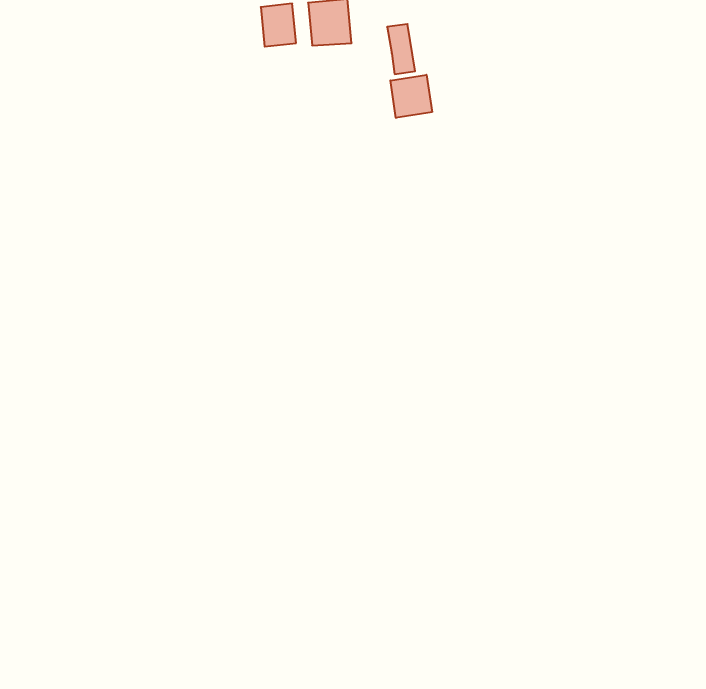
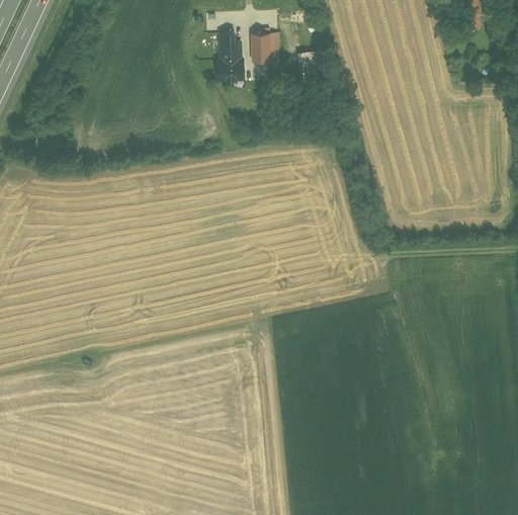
building: none -> [217,59,242,79]
building: [390,75,432,118] -> none

